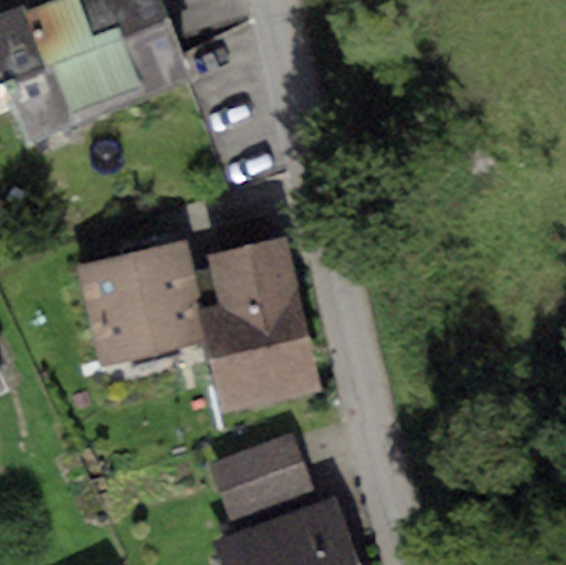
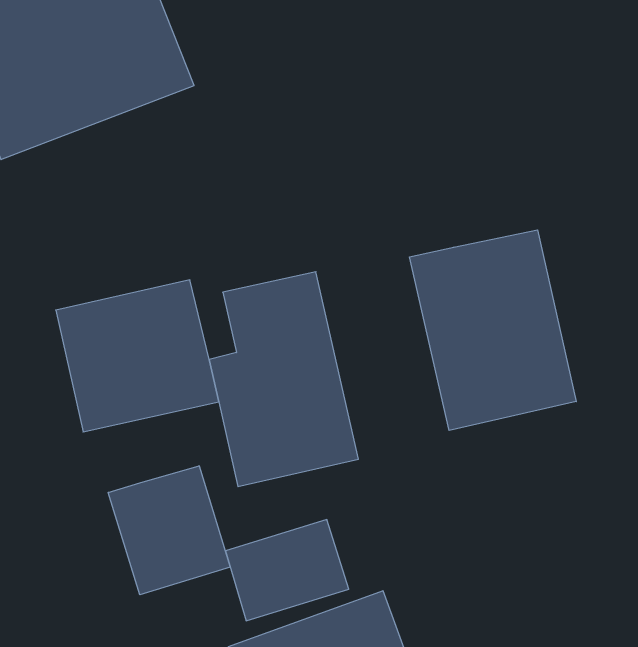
building: none -> [410,230,576,430]
building: none -> [108,466,230,595]

